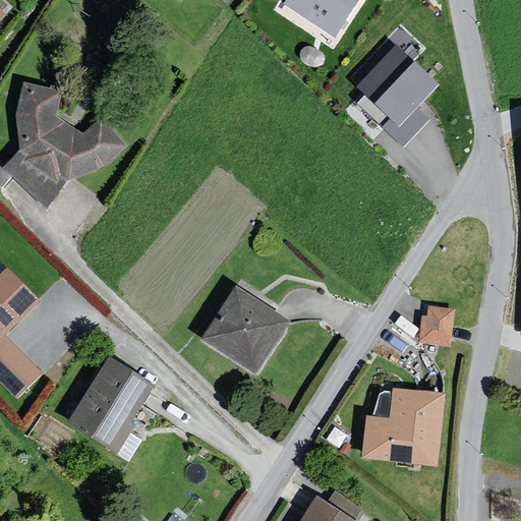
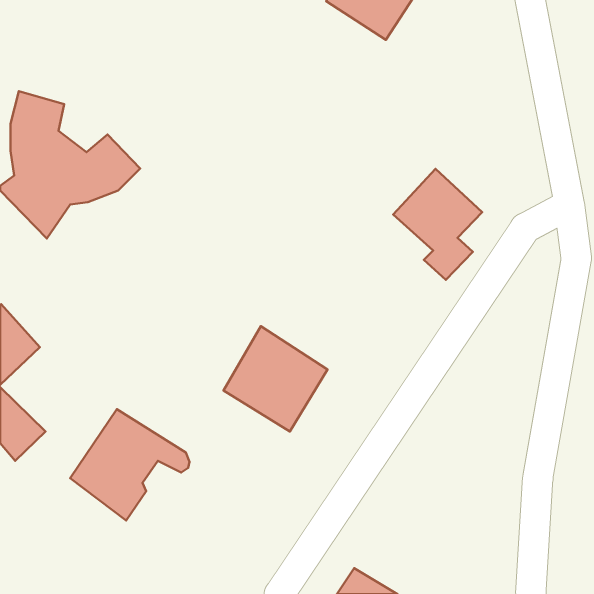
building: [363,44,441,140] -> [393,169,482,280]
building: [423,303,458,342] -> none
building: [359,386,441,466] -> none

